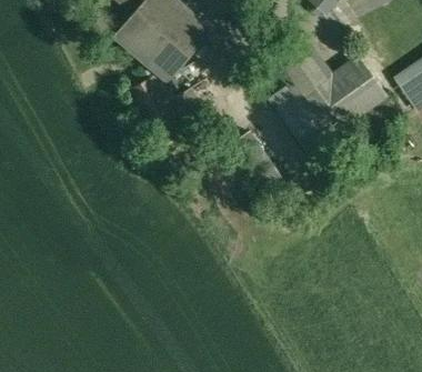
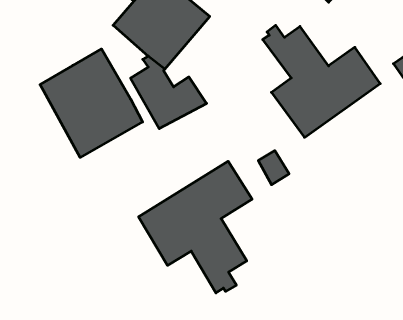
building: none -> [40,49,143,157]
building: none -> [139,161,252,293]

